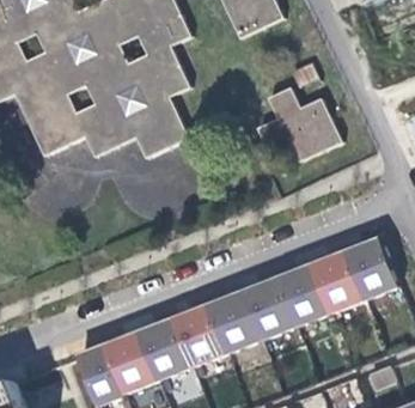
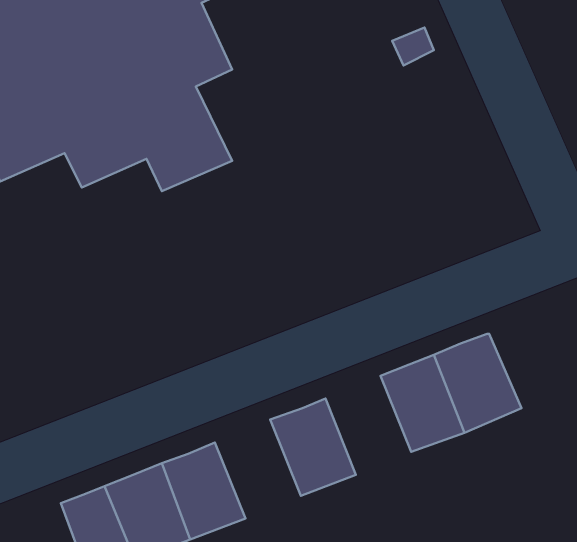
building: [256,83,338,158] -> none
building: [349,237,399,297] -> none
building: [246,276,300,339] -> none
building: [177,304,231,366] -> none

